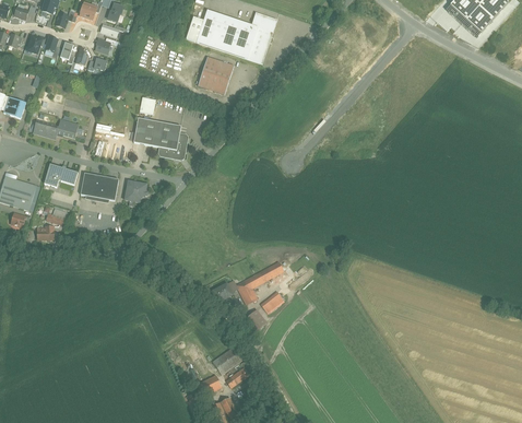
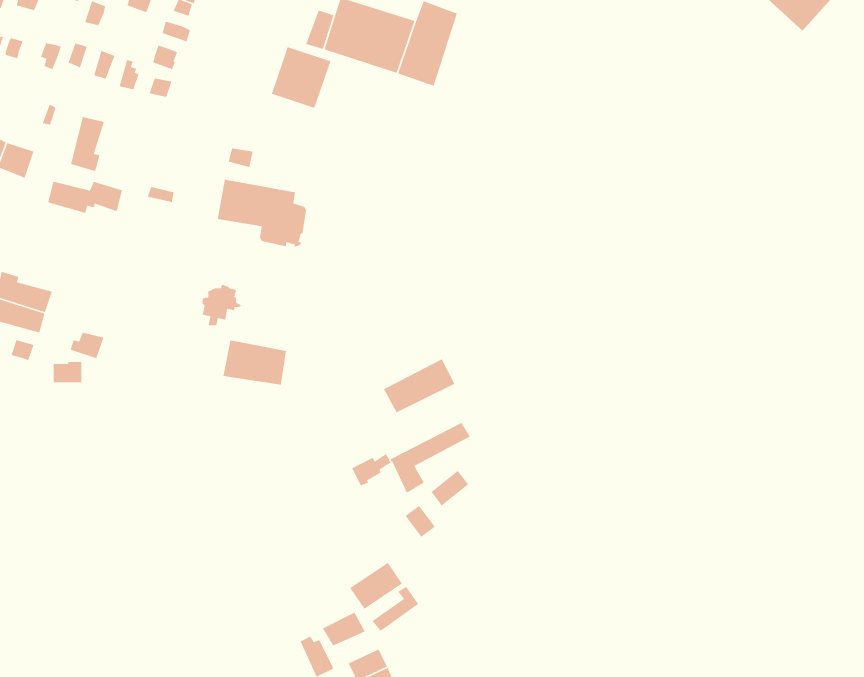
building: [198,57,234,94] -> [271,46,332,109]
building: none -> [70,116,105,172]
building: [44,164,76,188] -> none
building: [80,173,118,200] -> [222,340,287,386]
building: none -> [383,358,456,414]

